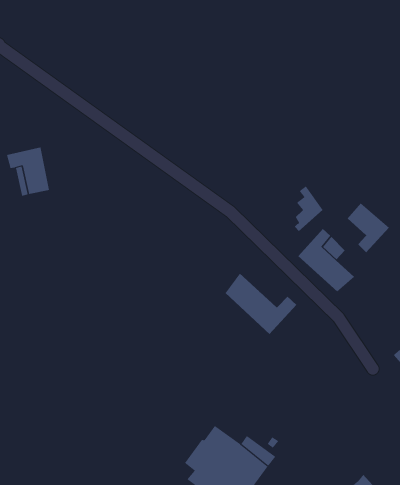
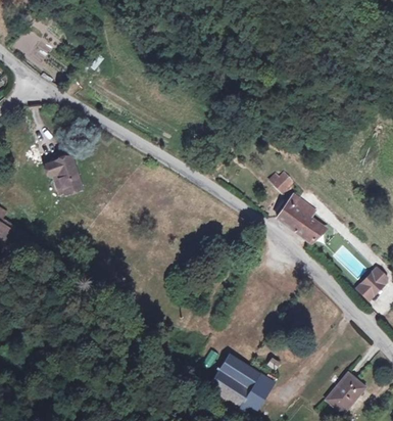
building: [347,202,390,253] -> none
building: [225,273,297,335] -> none

